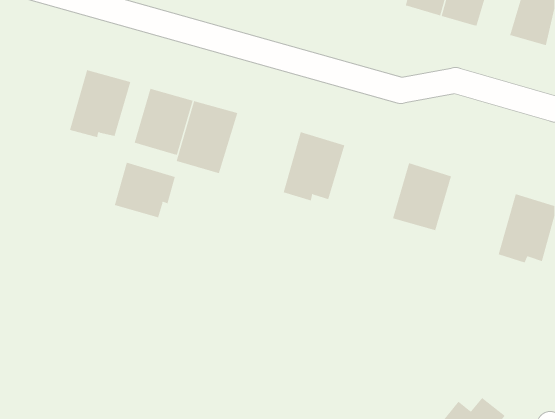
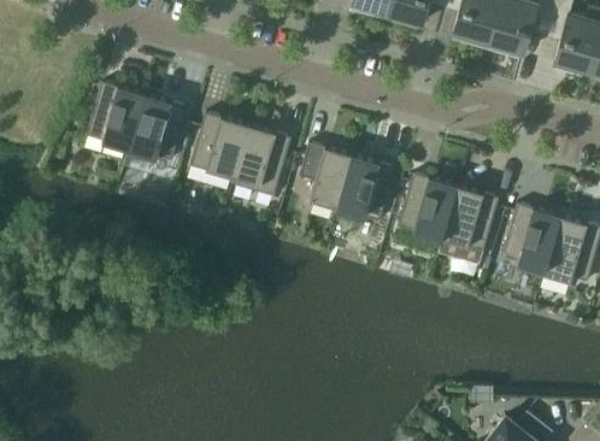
building: none -> [87,84,145,155]
building: none -> [299,145,352,216]
building: none -> [398,175,457,241]
building: [114,162,176,218] -> none
building: none -> [501,205,560,276]

